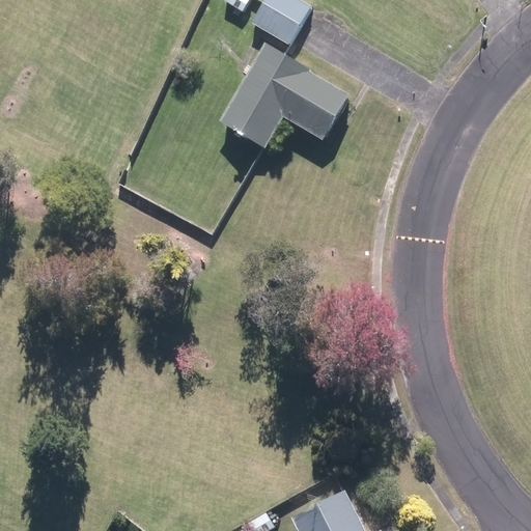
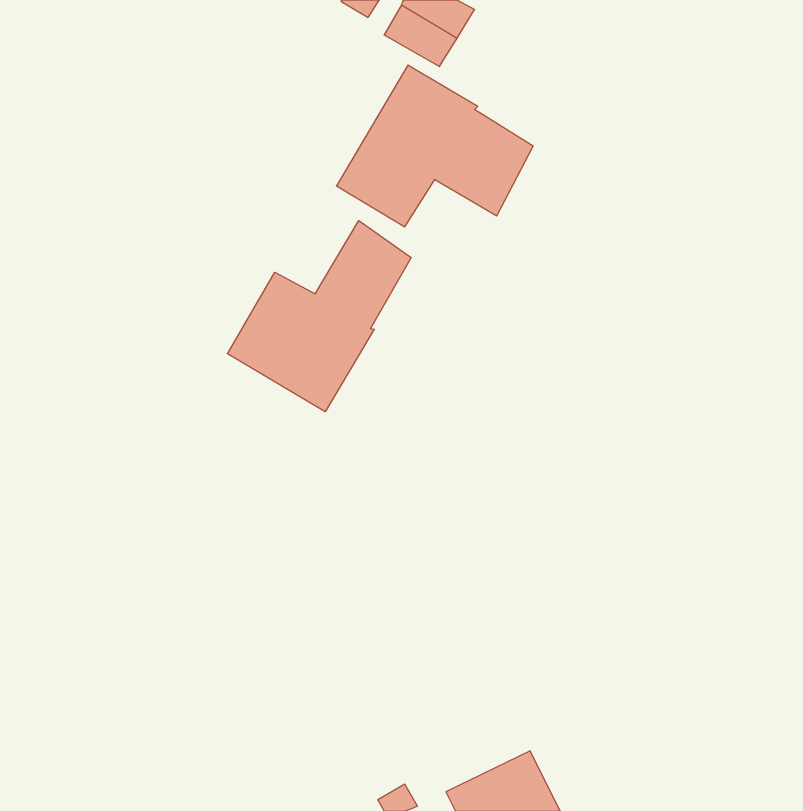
building: none -> [227,221,411,412]

